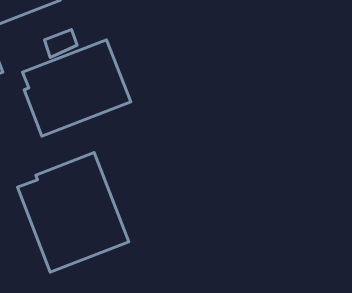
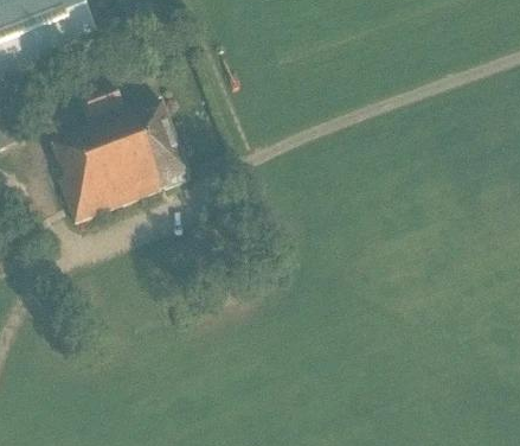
building: [17,152,129,272] -> none

